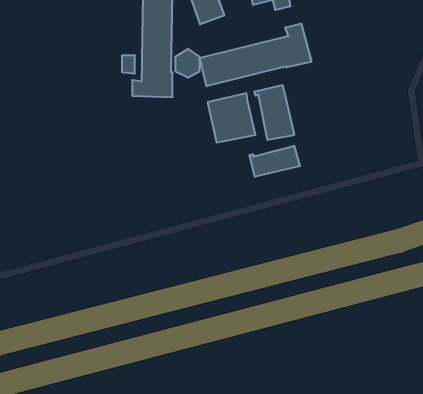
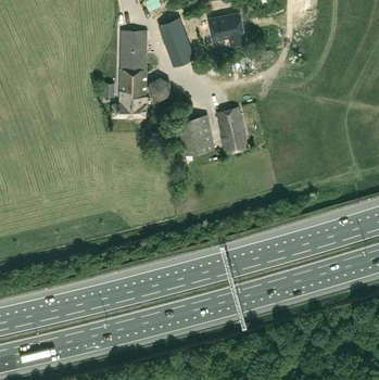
building: [200,24,311,86] -> none
building: [249,146,300,177] -> none

